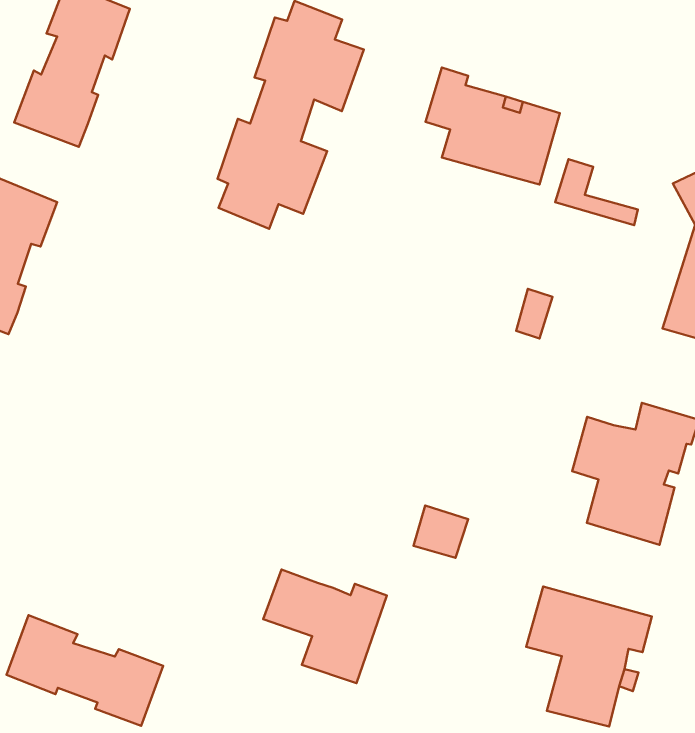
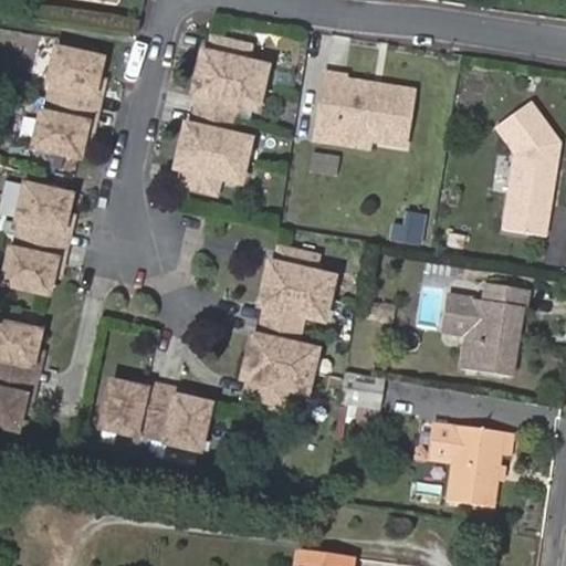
building: [555,159,638,225] -> [311,107,368,147]
building: none -> [249,247,337,399]
building: [263,570,387,683] -> none
building: [6,615,163,726] -> [103,387,210,453]

